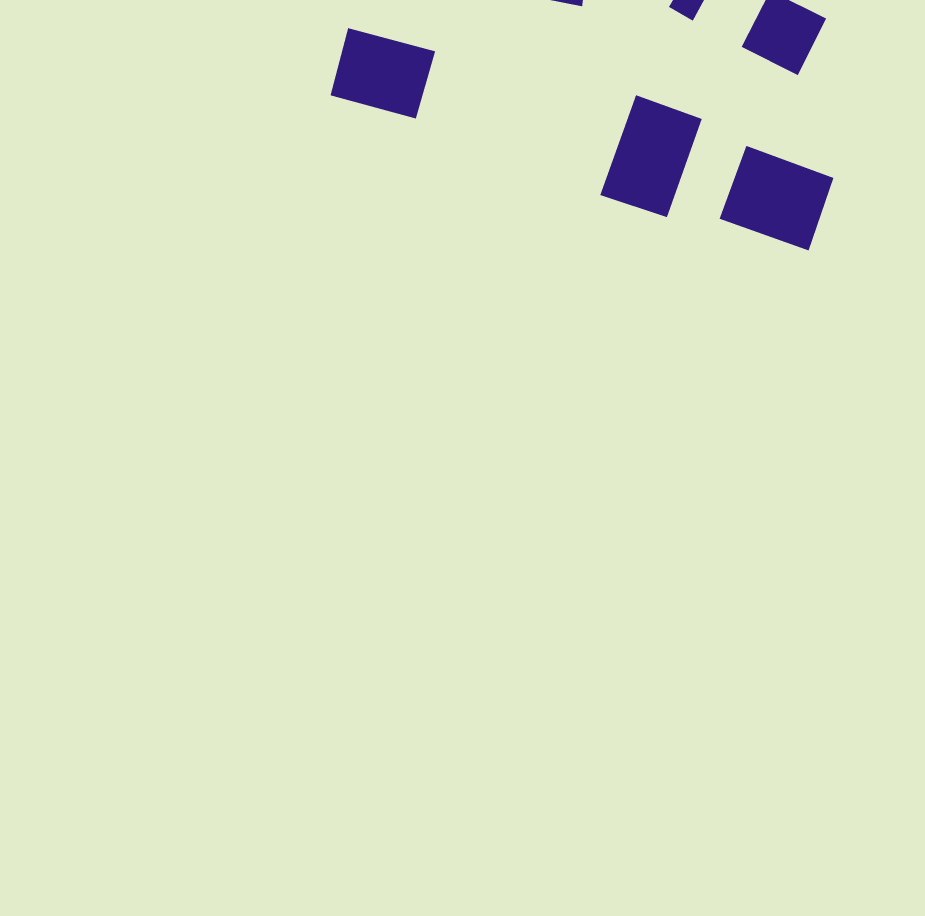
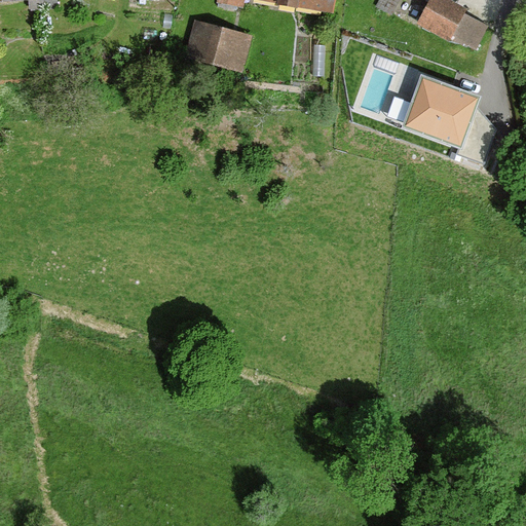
building: [599,94,703,218] -> none

